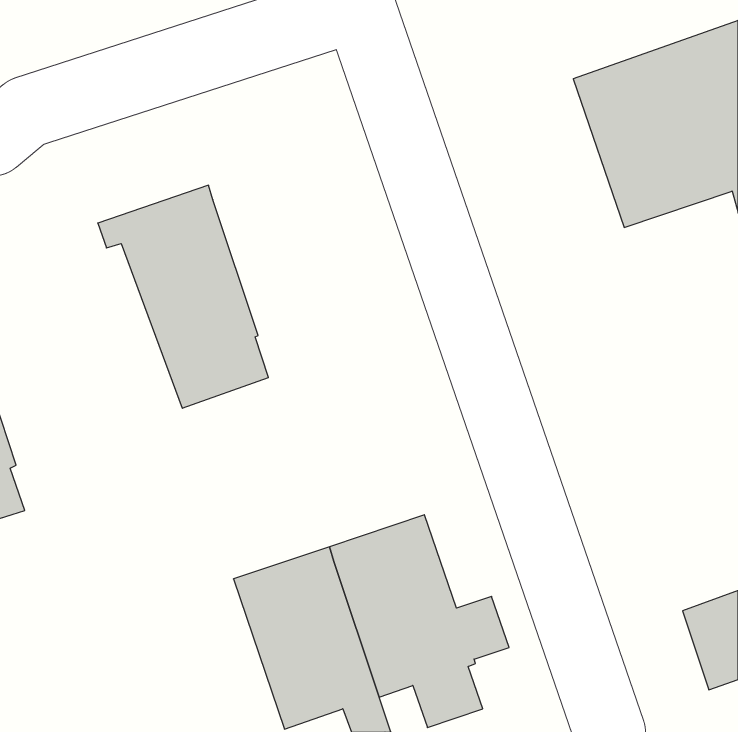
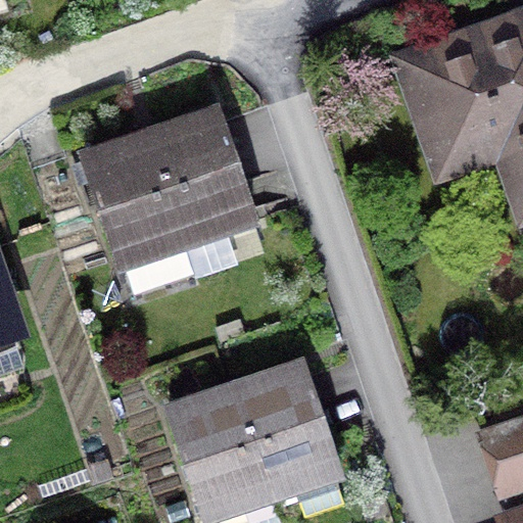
building: none -> [146,107,258,265]

